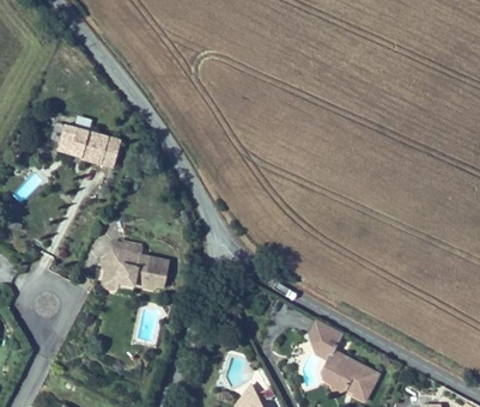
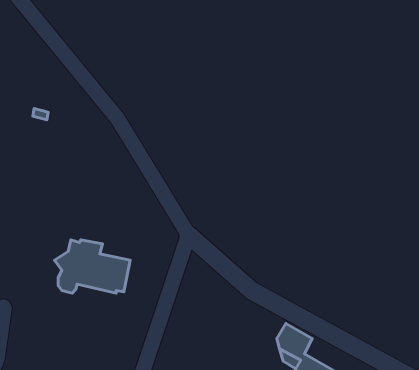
building: [56,124,120,166] -> none

